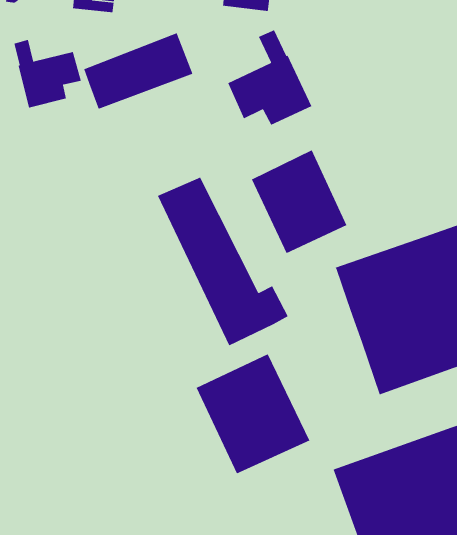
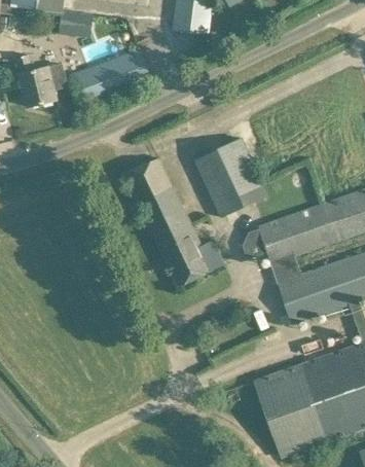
building: [227,29,312,126] -> none
building: [196,353,310,474] -> none

